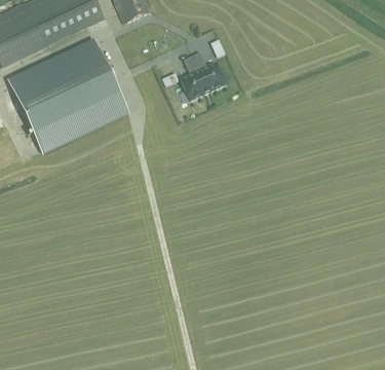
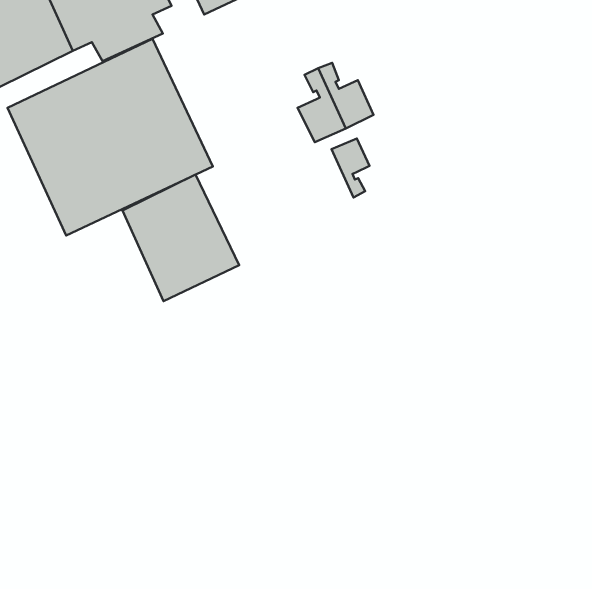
building: none -> [331,139,369,197]
building: none -> [122,175,239,301]

